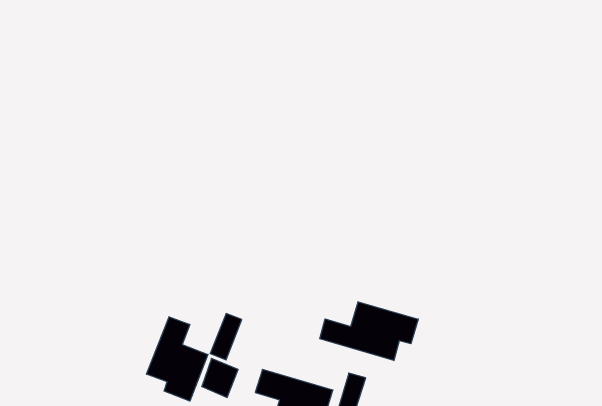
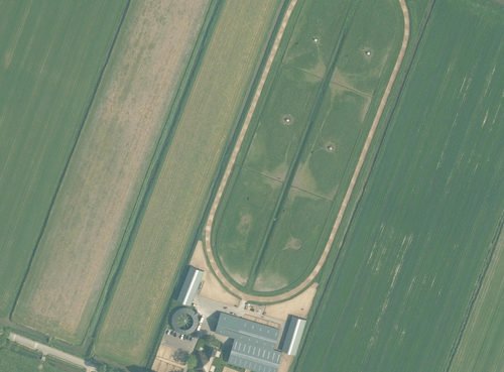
building: [320,302,418,361] -> none
building: [147,317,208,401] -> none

